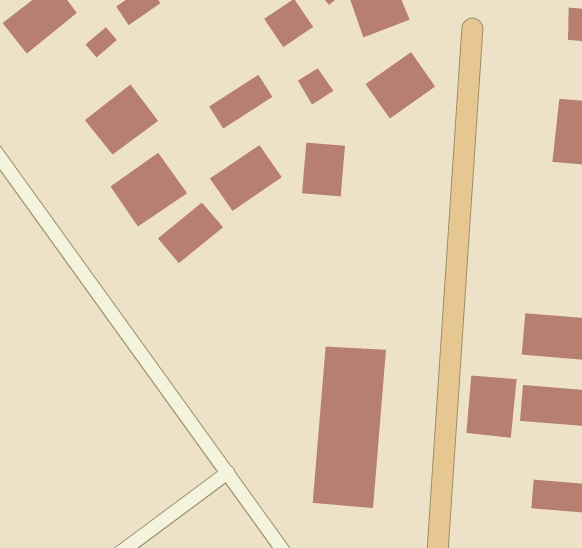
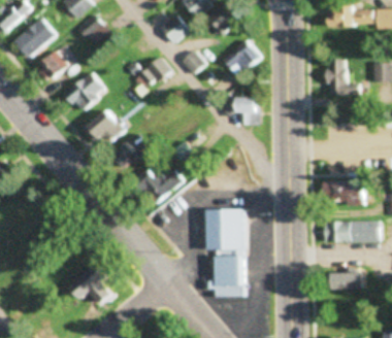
building: none -> [35,49,70,86]
building: [301,142,346,197] -> [237,97,260,126]
building: [209,144,283,212] -> [142,163,184,202]
building: [466,375,517,439] -> none
building: none -> [70,269,115,310]

